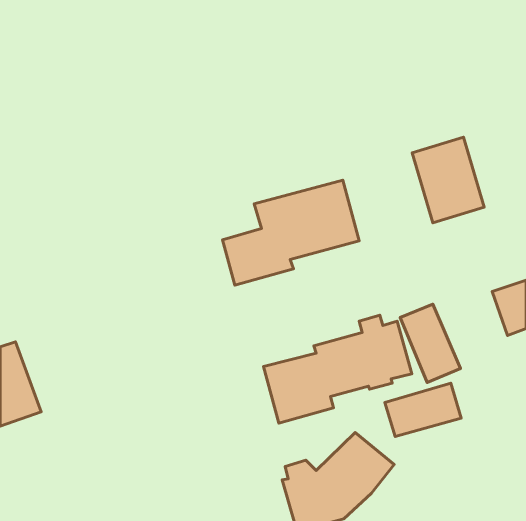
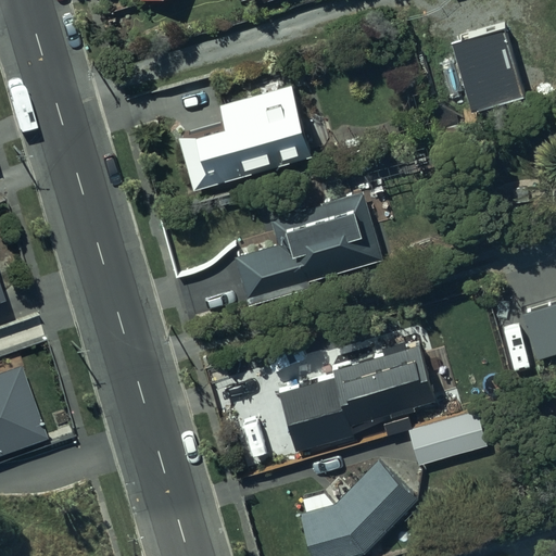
building: none -> [179,87,309,190]
building: [412,137,484,223] -> [453,29,529,119]
building: [400,304,461,383] -> none

